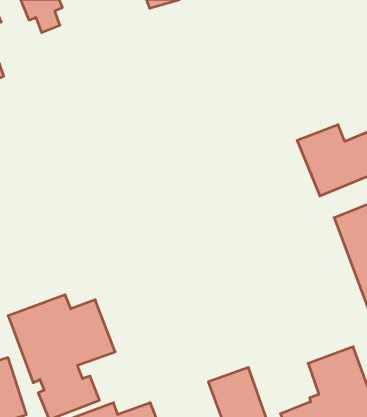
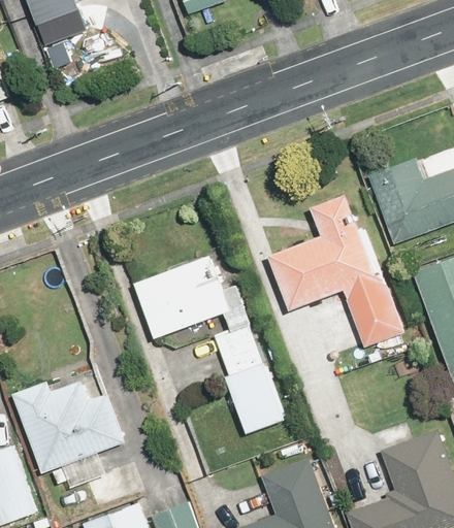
building: none -> [267,195,406,349]
building: none -> [134,253,286,433]

